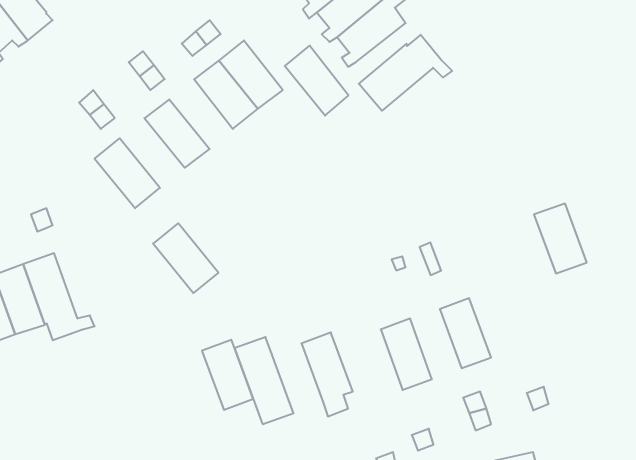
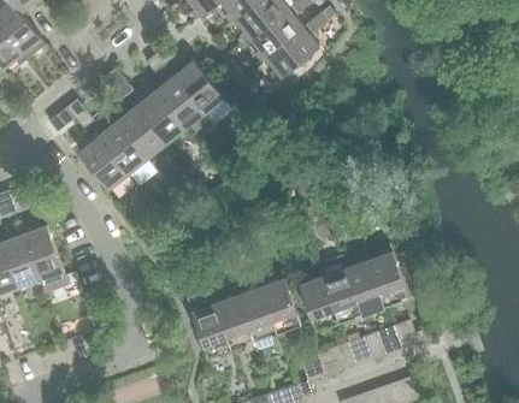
building: [359,35,452,111] -> none
building: [285,46,348,116] -> [135,90,184,144]
building: [534,204,587,273] -> [367,251,408,306]
building: [153,223,218,293] -> [96,120,147,174]
building: none -> [319,257,361,322]
building: none -> [260,278,300,332]
building: [202,340,253,410] -> [214,295,254,349]

